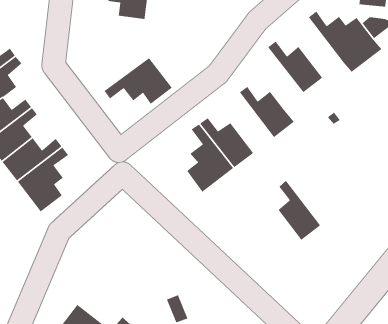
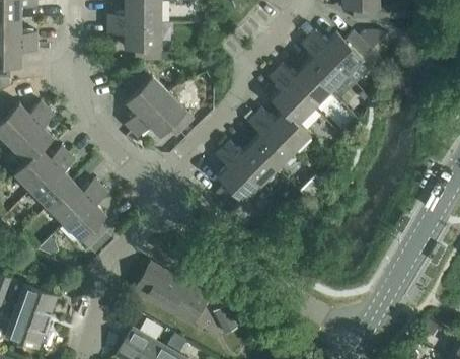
building: none -> [301,38,346,91]
building: none -> [124,68,168,130]
building: none -> [269,70,313,124]
building: [278,180,321,241] -> [248,115,292,168]
building: none -> [135,263,207,322]

